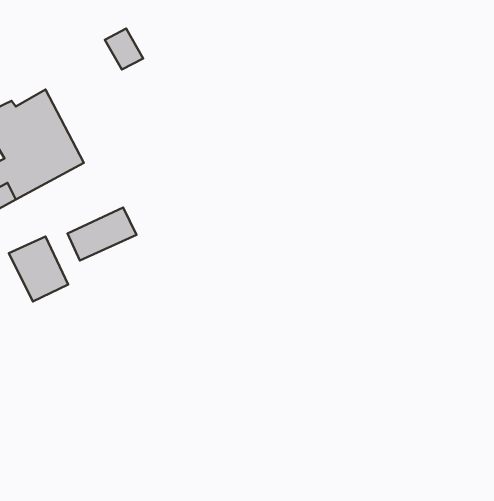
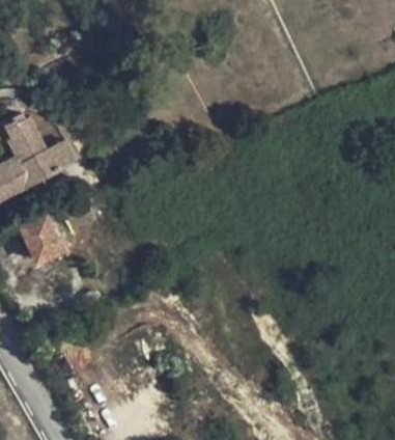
building: [68,207,136,261] -> none

